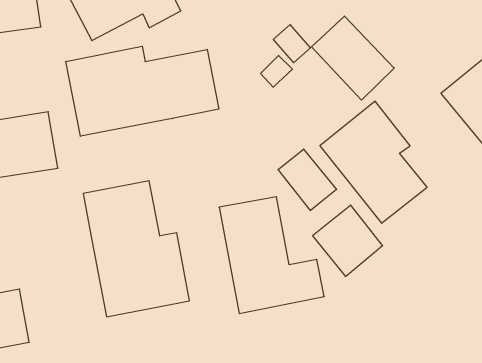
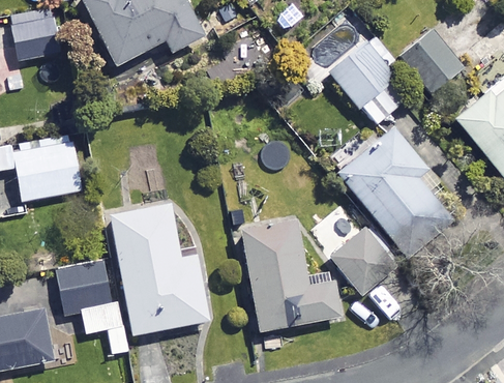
building: none -> [404,32,465,93]
building: [66,46,219,136] -> none
building: [278,149,337,211] -> none
building: none -> [57,256,132,352]

